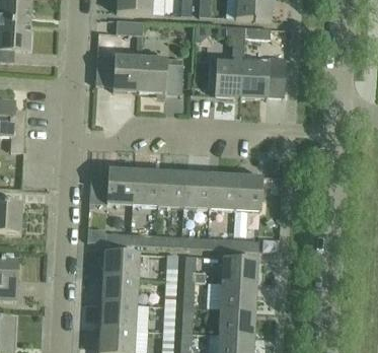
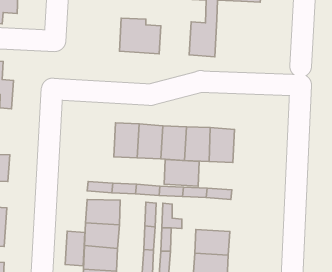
building: [95,52,141,90] -> none
building: [241,56,286,97] -> none
building: [89,166,135,204] -> none
building: [221,256,258,284] -> [164,160,199,186]
building: none -> [65,231,85,266]

